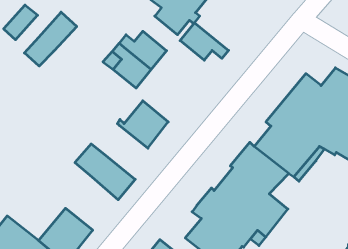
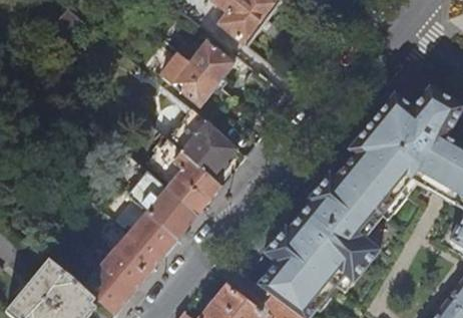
building: [24,12,77,66] -> none
building: [180,23,229,60] -> none
building: none -> [165,149,221,214]
building: none -> [115,211,177,274]

